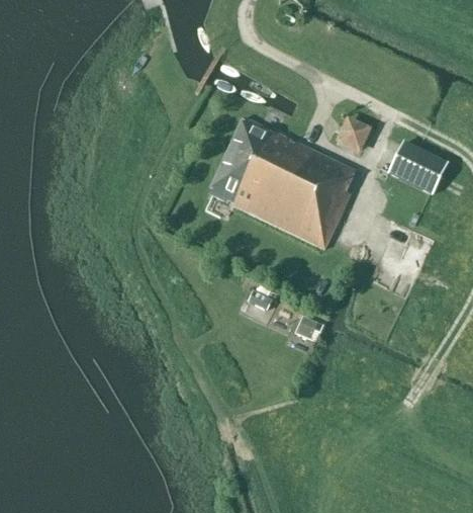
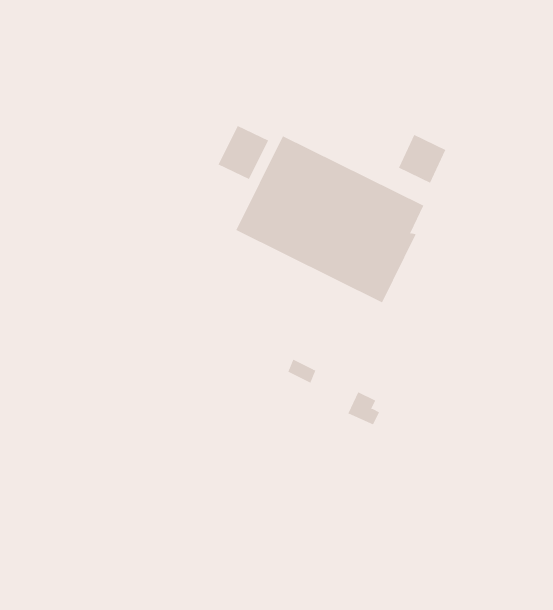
building: none -> [218,125,269,180]
building: [388,142,446,193] -> none

